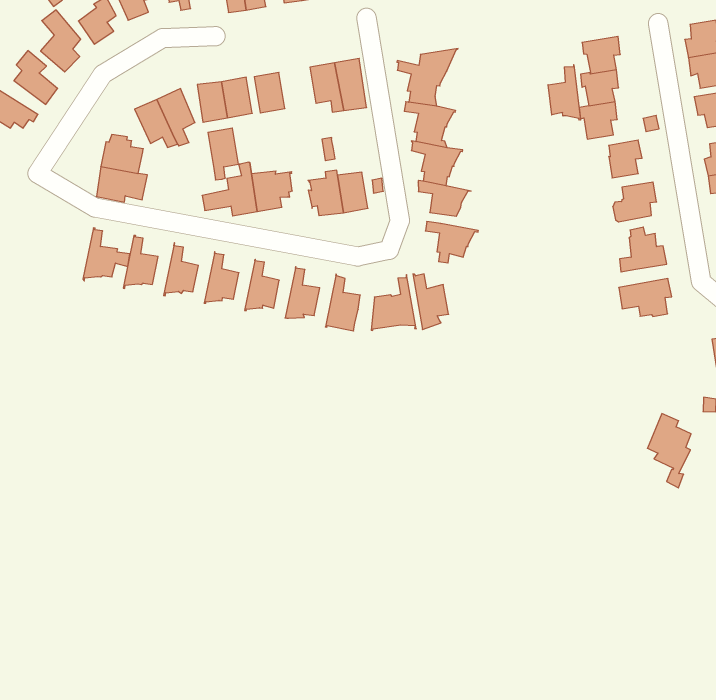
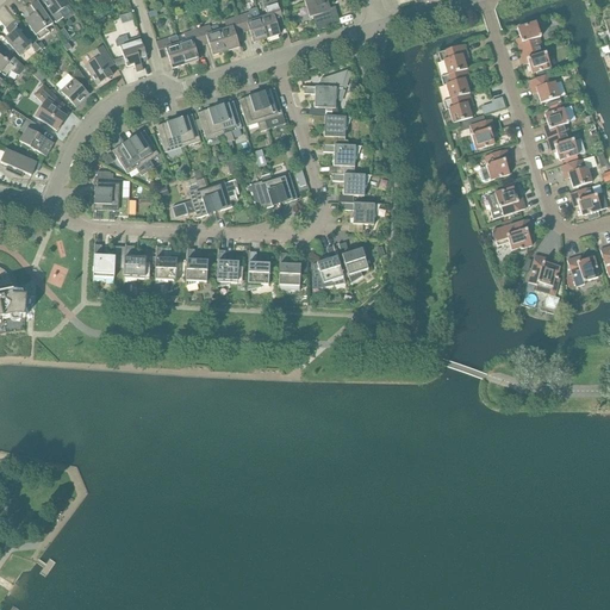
building: [548,65,581,120] -> none
building: [208,128,239,180] -> [216,99,242,139]
building: [647,414,691,488] -> [528,253,560,306]

